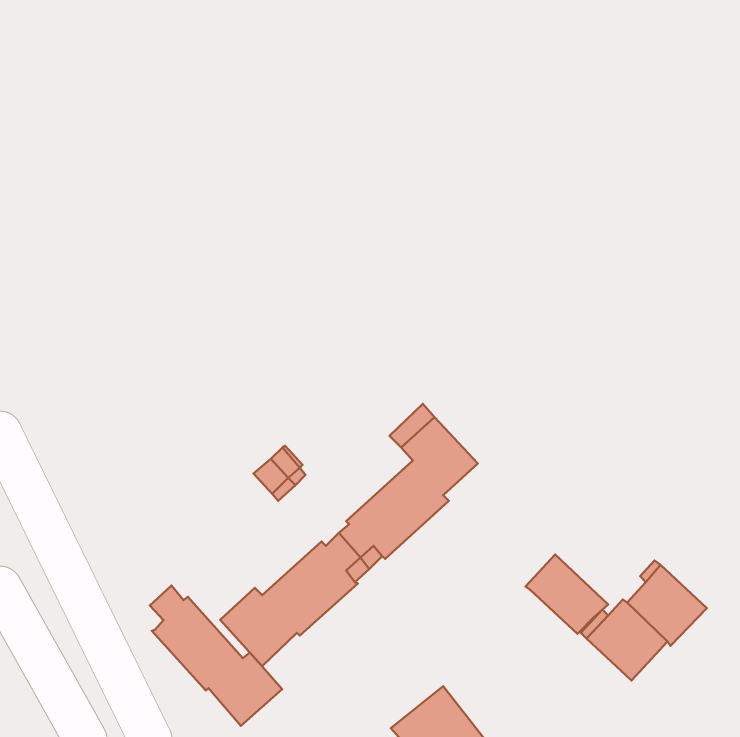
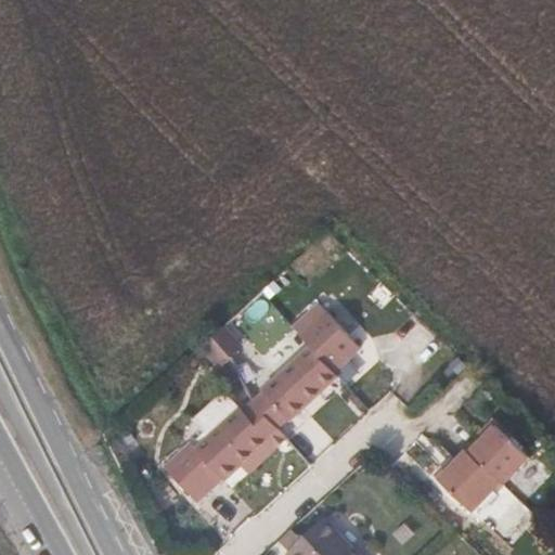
building: [525,554,608,634] -> none
building: [150,586,282,726] -> none

